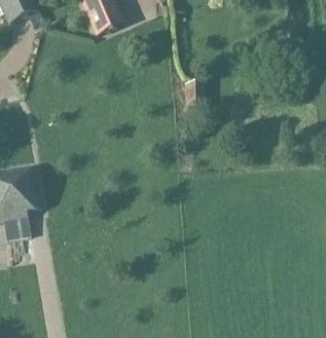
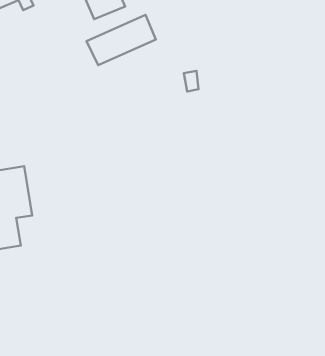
building: none -> [86,15,156,65]

